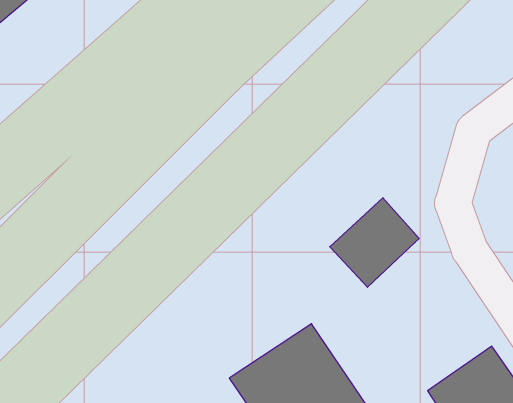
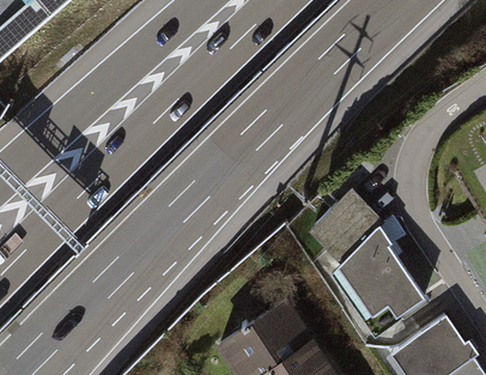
building: none -> [330,226,423,338]

